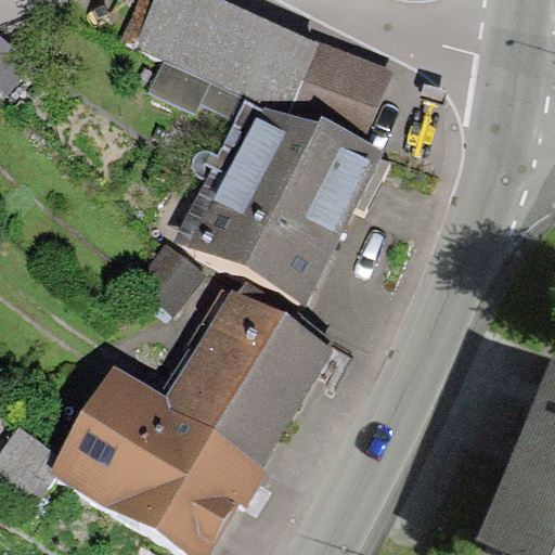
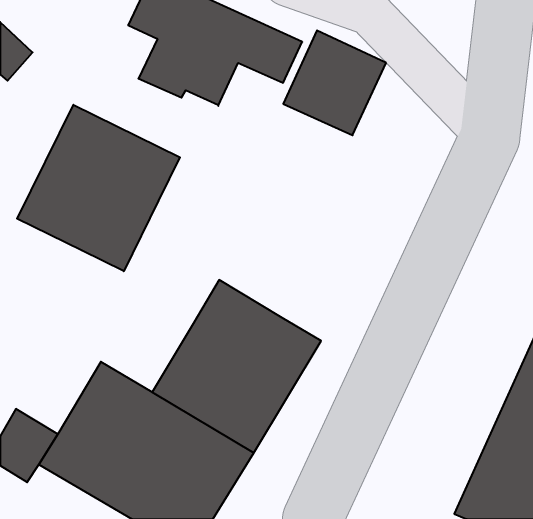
building: [175,99,378,305] -> none
building: none -> [17,105,180,271]

